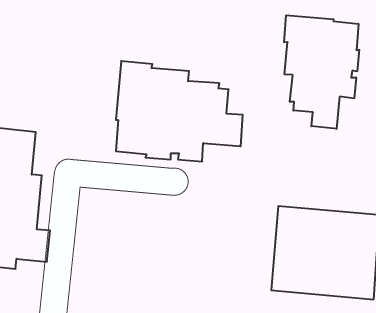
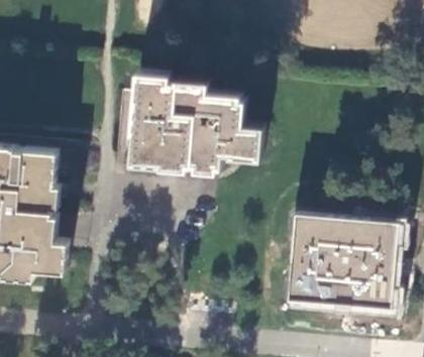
building: [284,15,359,129] -> none

